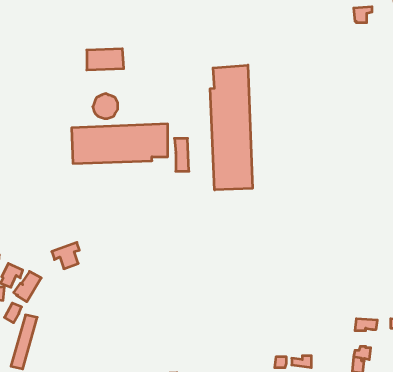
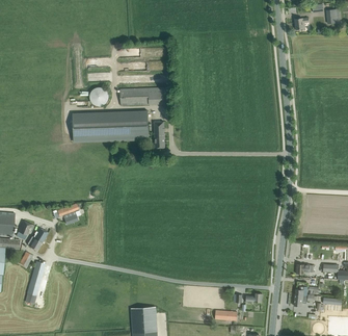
building: [87,49,124,70] -> [121,88,150,105]
building: [210,65,252,190] -> none

